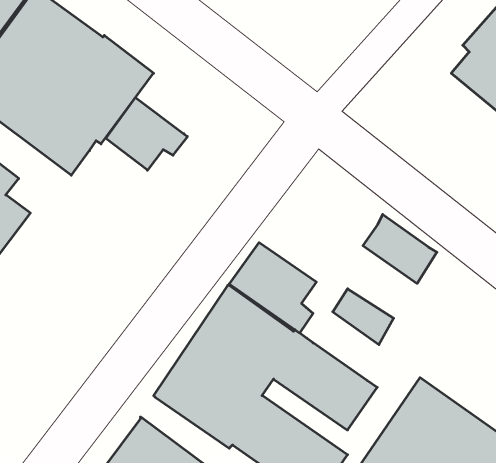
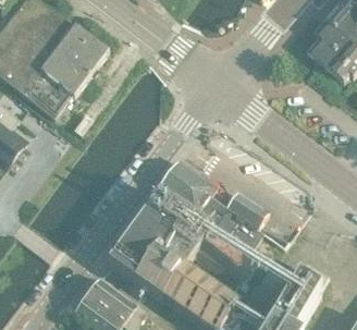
building: [106,98,187,170] -> none
building: [363,214,437,283] -> [214,208,263,254]

